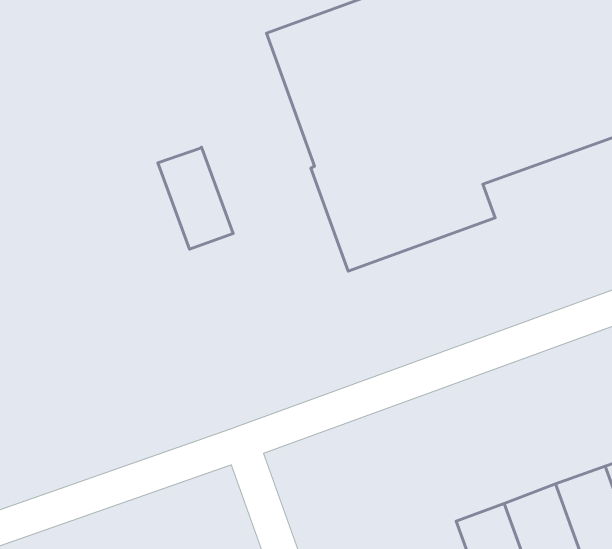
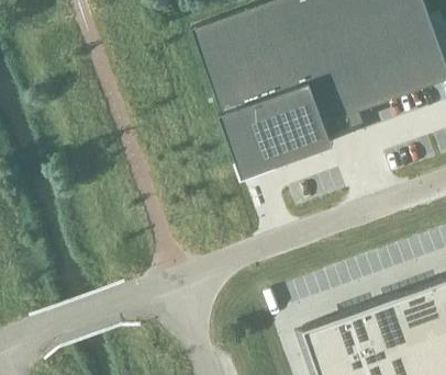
building: [158,147,233,249] -> none

